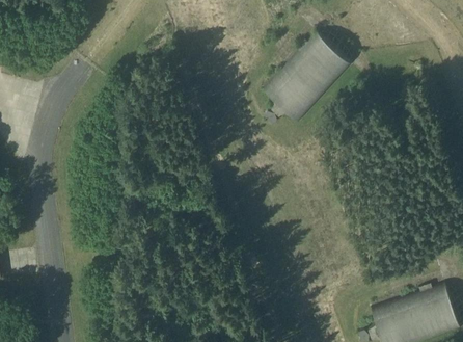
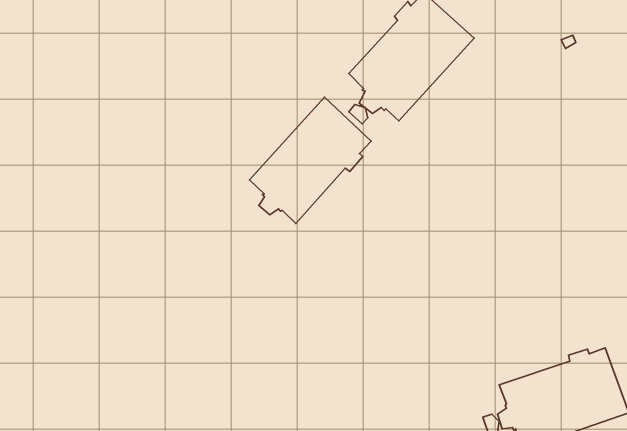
building: none -> [249,97,371,224]

